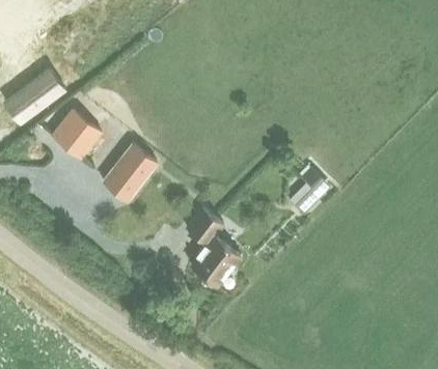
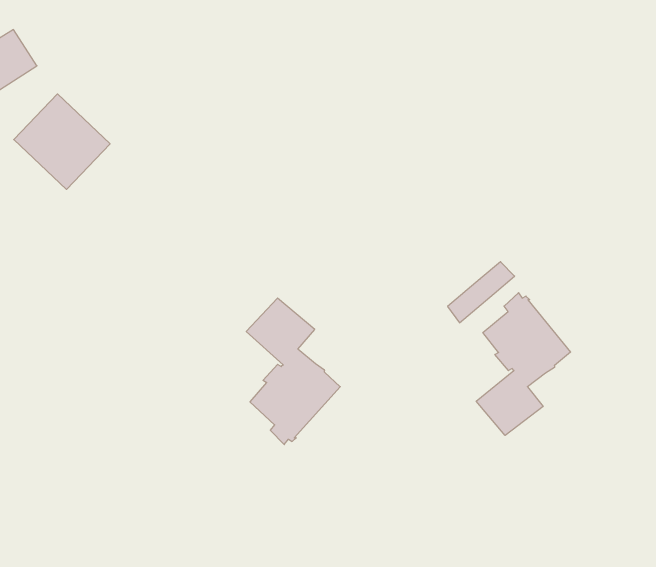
building: [102,143,156,201] -> none
building: none -> [476,293,571,435]

